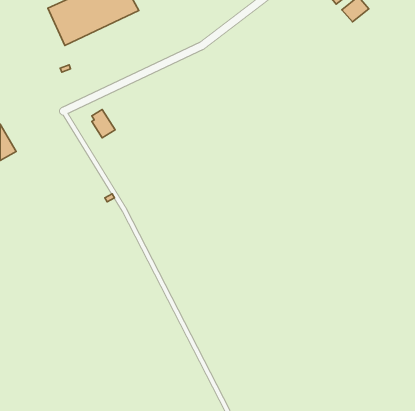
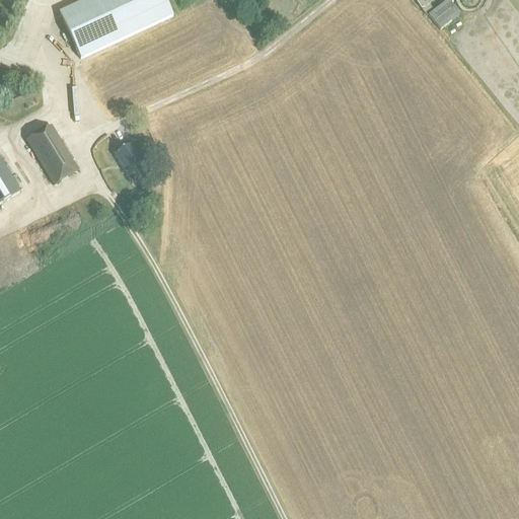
building: none -> [26,124,78,183]

